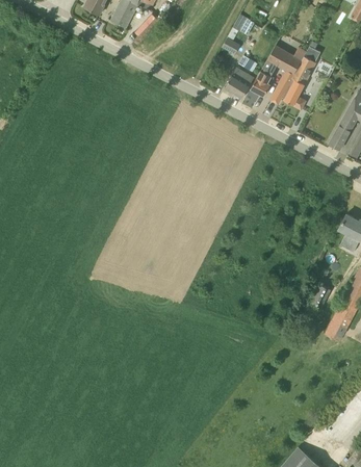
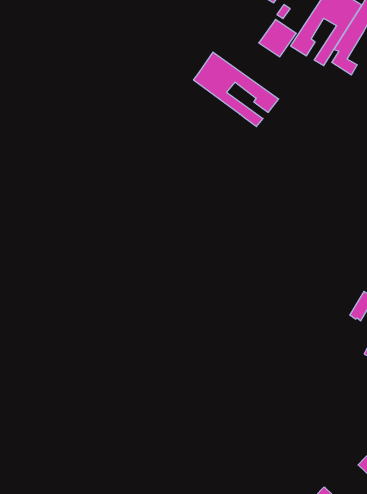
building: none -> [194,52,279,127]

